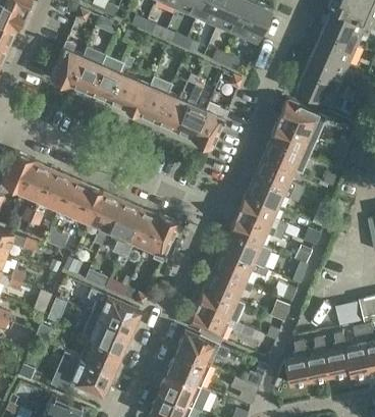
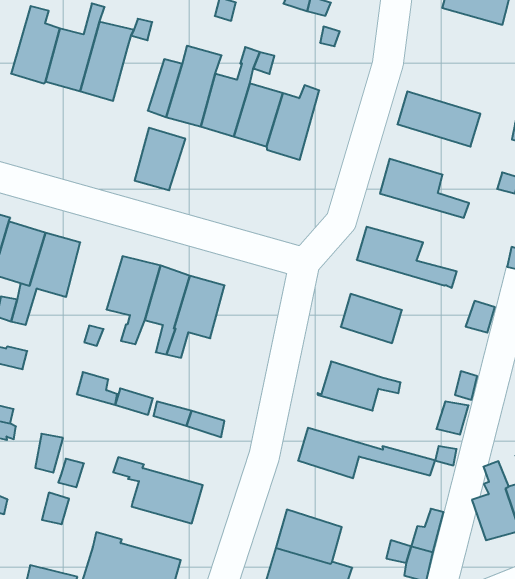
building: [107,72,140,110] -> [135,128,185,190]
building: [296,72,338,108] -> none
building: [278,100,327,137] -> none
building: [263,137,311,174] -> none
building: [245,175,302,207] -> none
building: [65,181,101,222] -> none
building: [228,212,285,245] -> none
building: [146,215,178,262] -> none
building: [214,250,269,282] -> none
building: [87,288,141,331] -> none
building: [196,288,246,324] -> none
building: [71,329,121,373] -> none
building: [177,330,239,366] -> none

